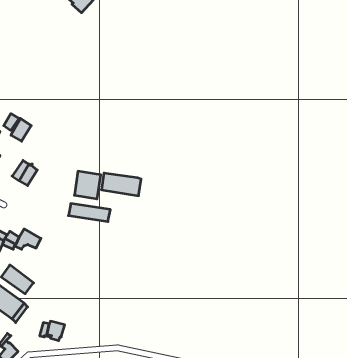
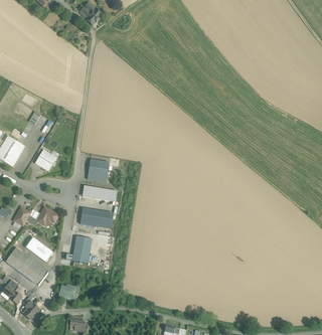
building: [101,173,141,196] -> [79,209,113,228]
building: none -> [71,235,92,263]

